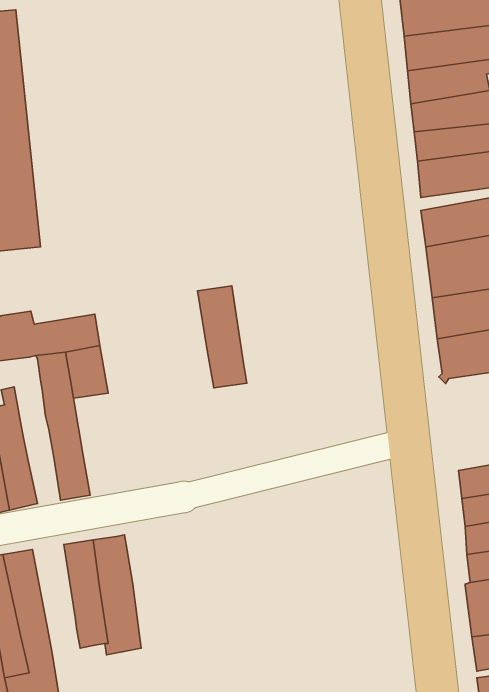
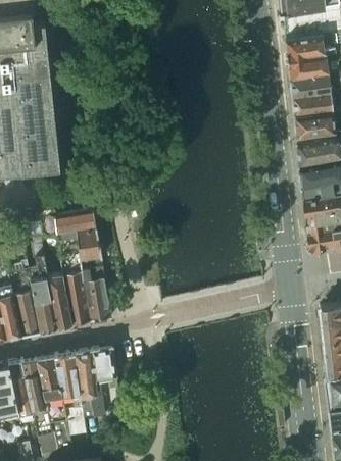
building: [197,286,247,388] -> [81,260,111,323]
building: none -> [49,274,72,328]
building: none -> [55,354,85,421]

